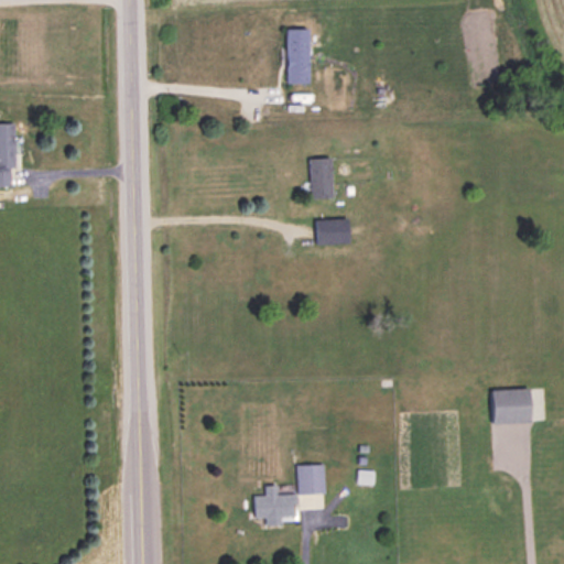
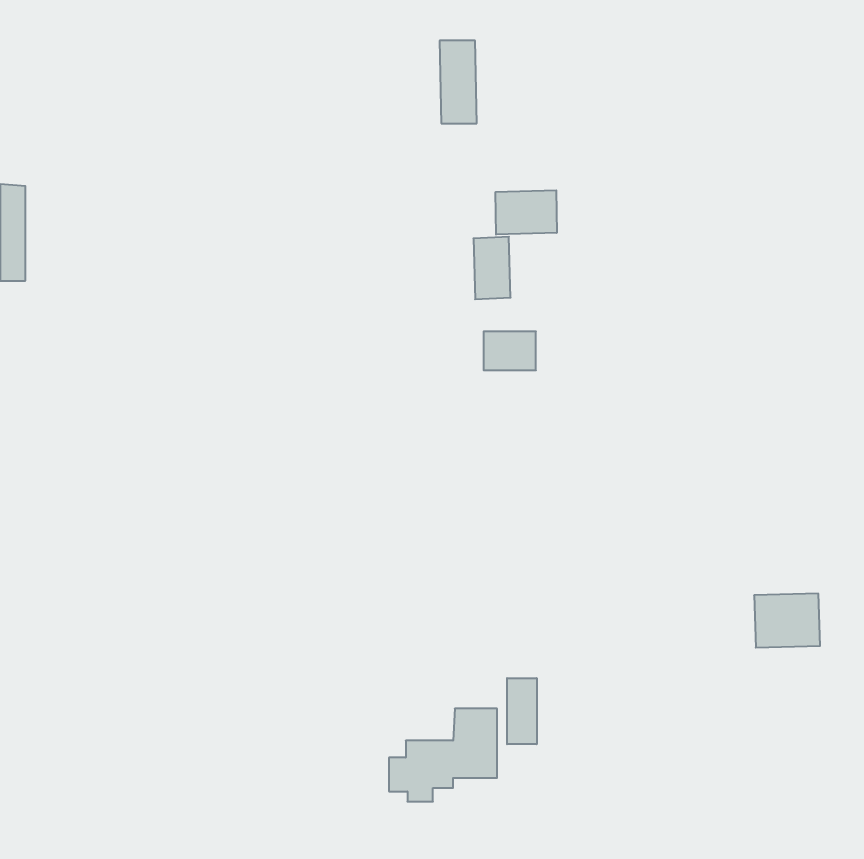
building: none -> [496,190,557,235]
building: none -> [507,678,537,744]

